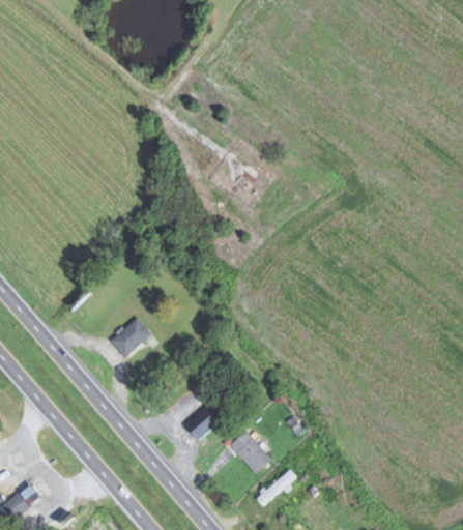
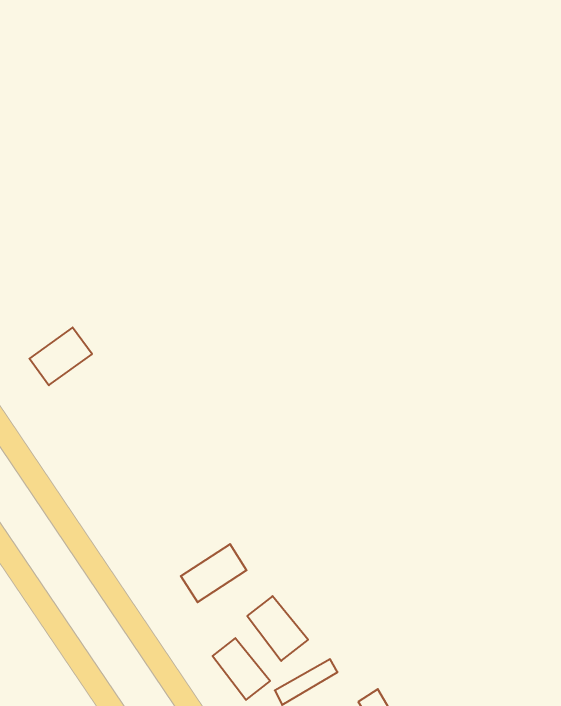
building: [109,317,151,358] -> [29,327,92,385]
building: none -> [213,638,270,700]

